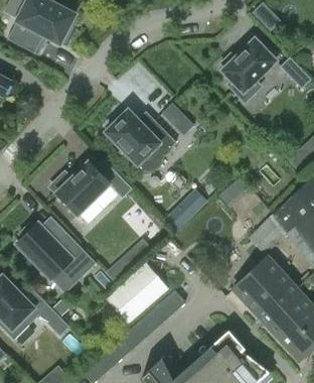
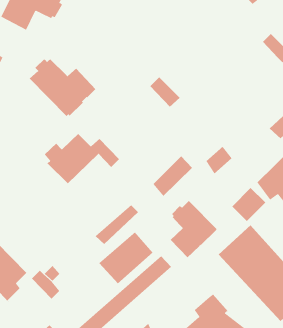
building: [220,39,276,103] -> none
building: [106,111,176,172] -> [29,58,96,117]
building: [17,223,97,285] -> none
building: none -> [170,200,218,258]

